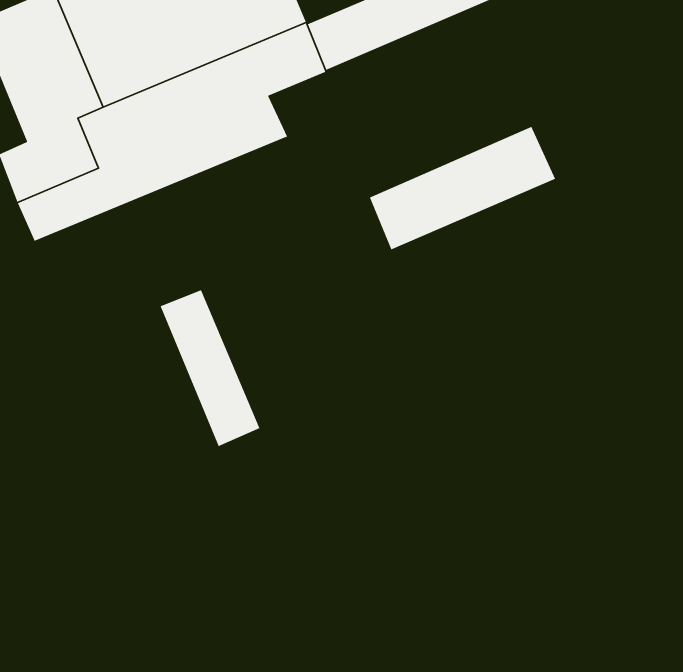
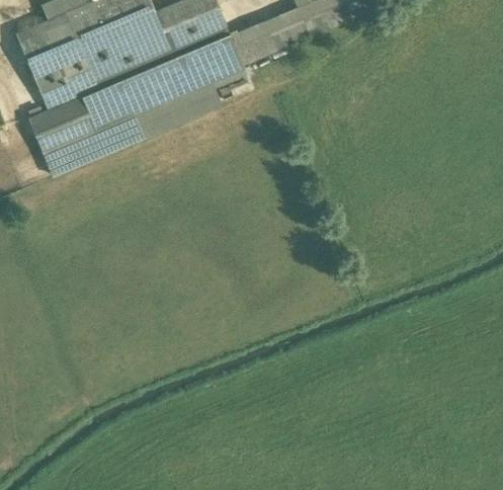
building: [369,126,556,250] -> none
building: [159,289,260,447] -> none

